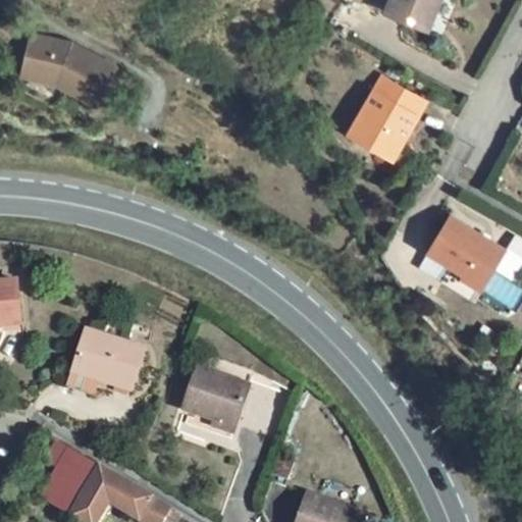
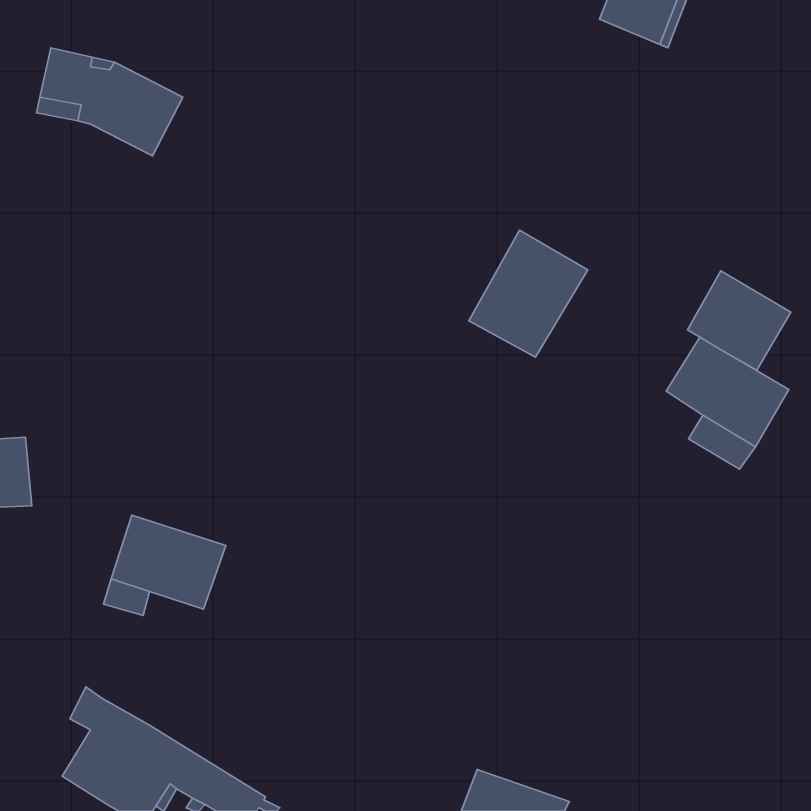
building: [349,76,425,158] -> [469,230,588,357]
building: none -> [687,271,791,370]
building: [181,367,248,432] -> none

